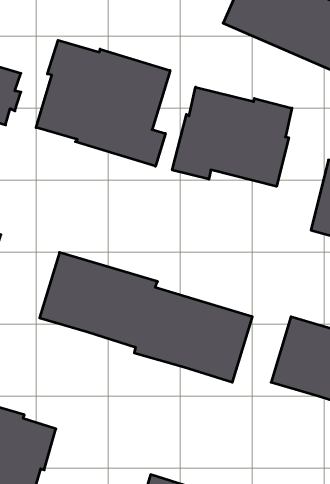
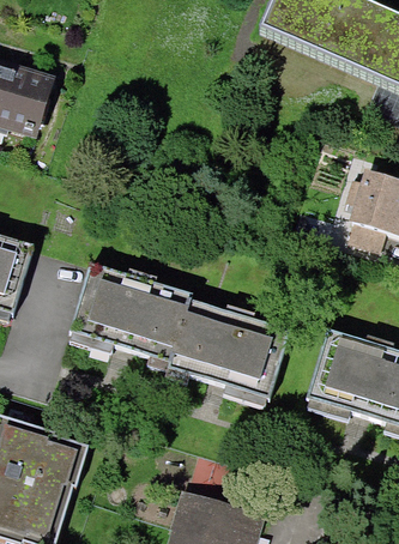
building: [36,40,170,166] -> none
building: [172,87,292,186] -> none

